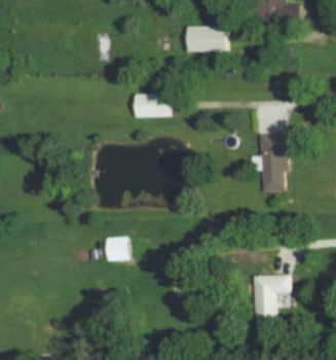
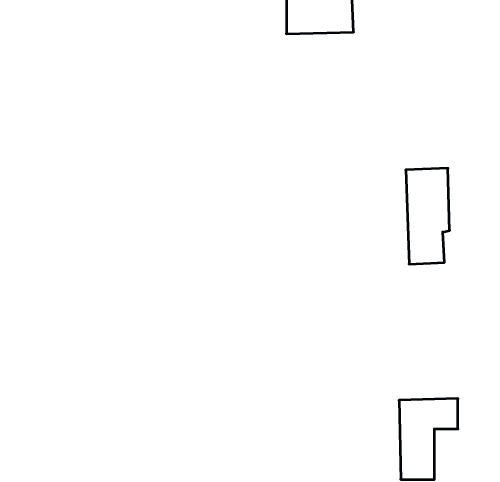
building: [136,93,174,117] -> none
building: [106,237,129,261] -> none

